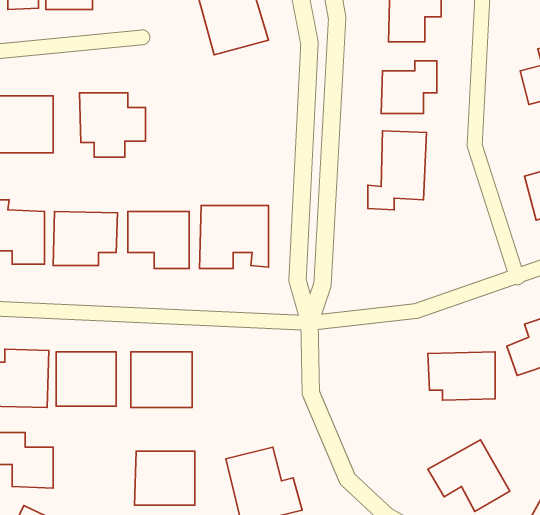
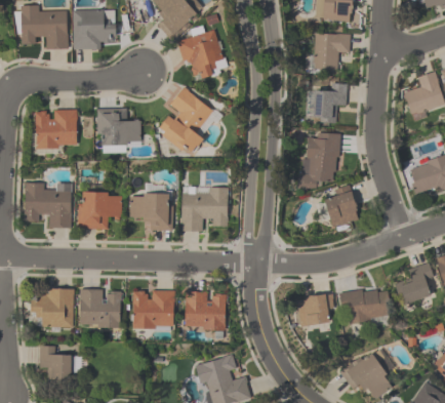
building: none -> [158,85,218,154]
building: none -> [322,189,359,227]
building: none -> [288,291,334,332]
building: [135,451,195,505] -> [184,291,226,329]

